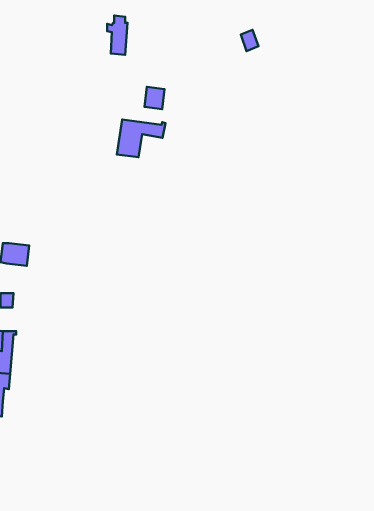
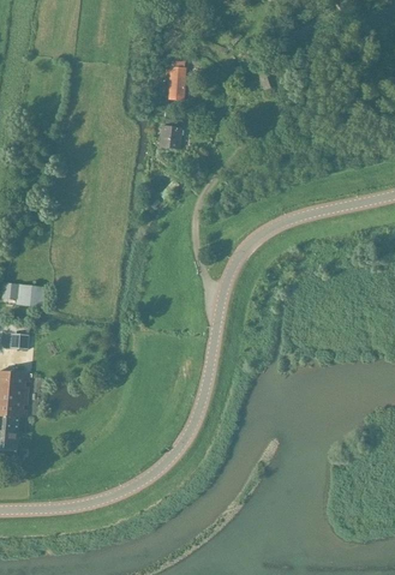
building: [107,16,127,55] -> [166,60,186,100]
building: [117,119,166,157] -> none

